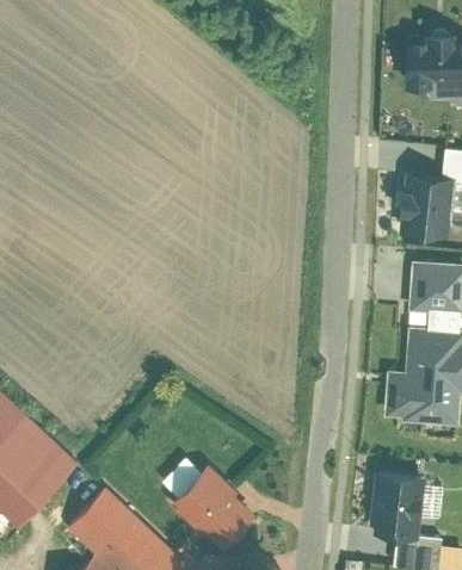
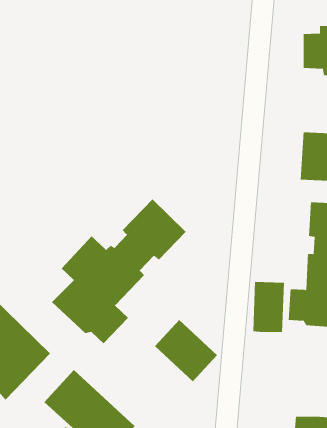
building: none -> [51,199,187,344]
building: [172,461,254,543] -> [154,319,218,382]
building: [378,477,420,543] -> [252,282,285,332]

